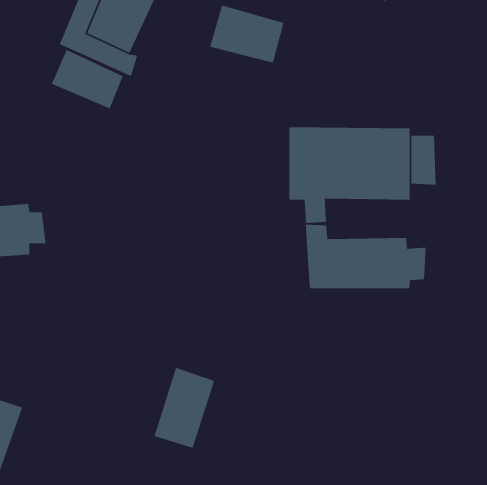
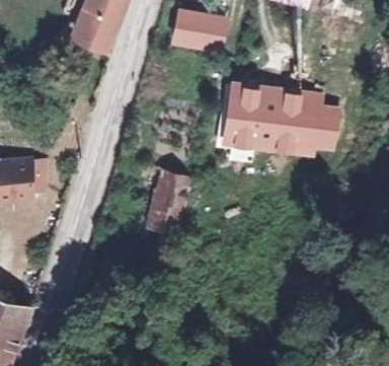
building: [51,49,124,110] -> none
building: [305,224,427,289] -> none
building: [153,367,215,449] -> [147,171,192,232]

